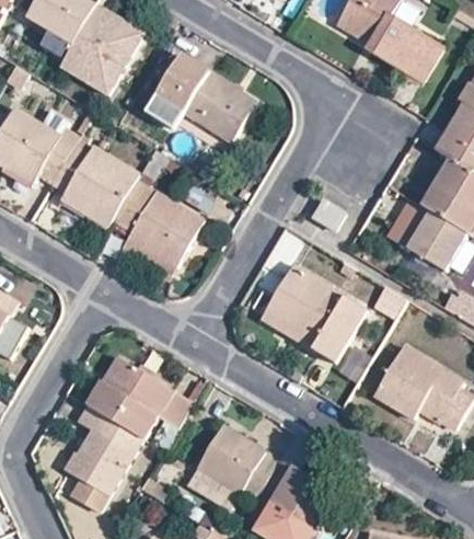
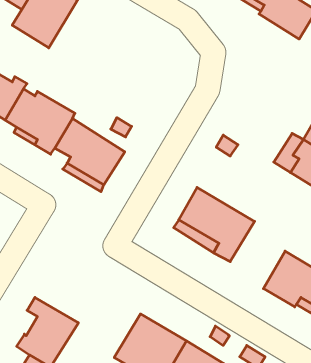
building: [147,58,254,140] -> none
building: [88,357,190,437] -> none

